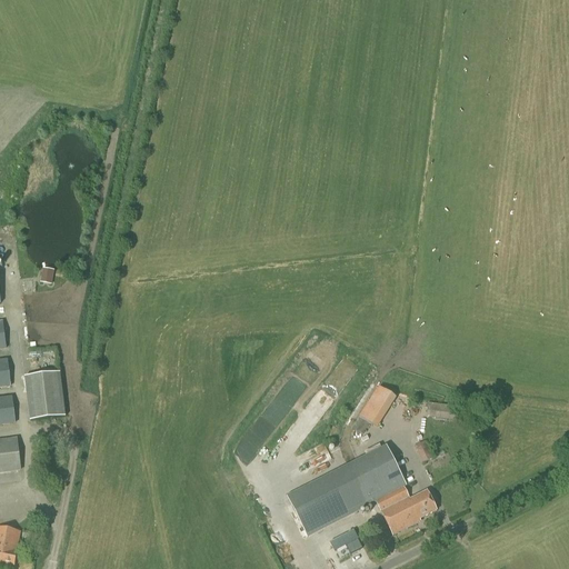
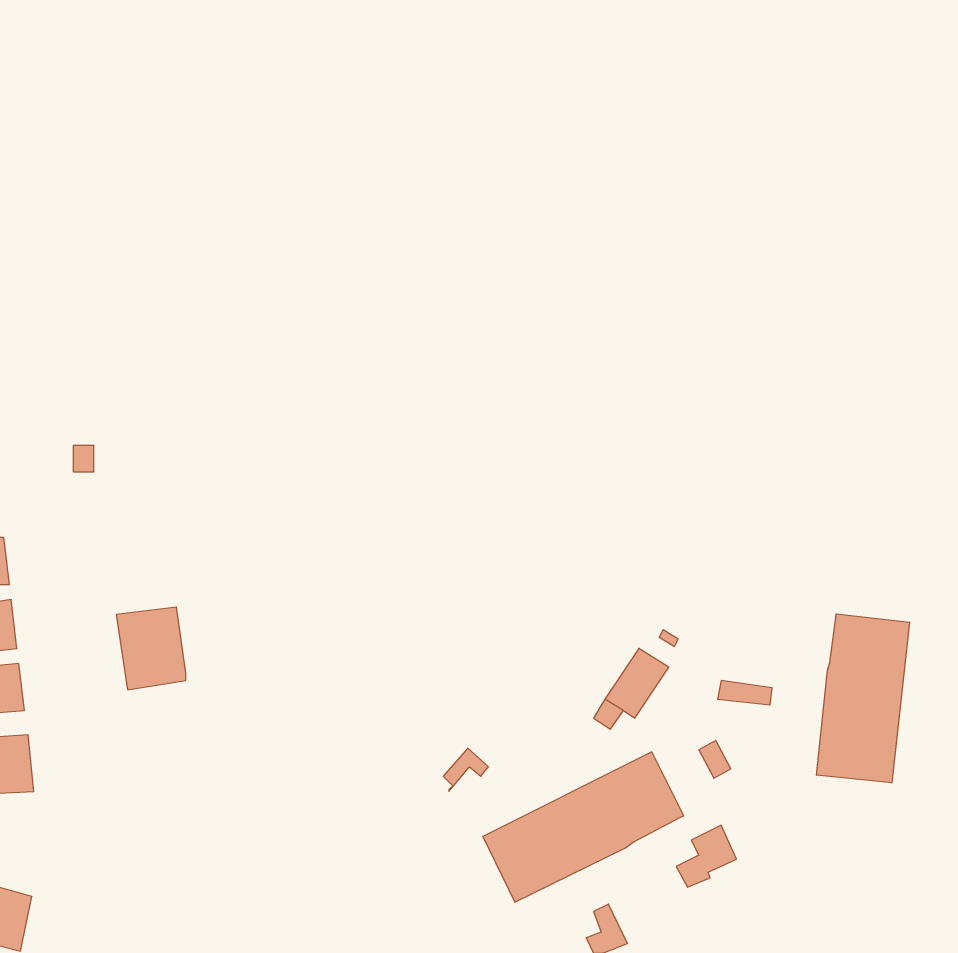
building: none -> [817,614,910,783]
building: [26,367,67,416] -> [116,607,186,690]
building: [375,483,413,532] -> none

